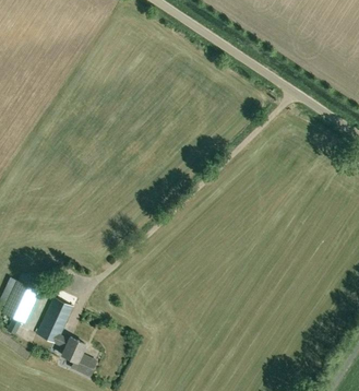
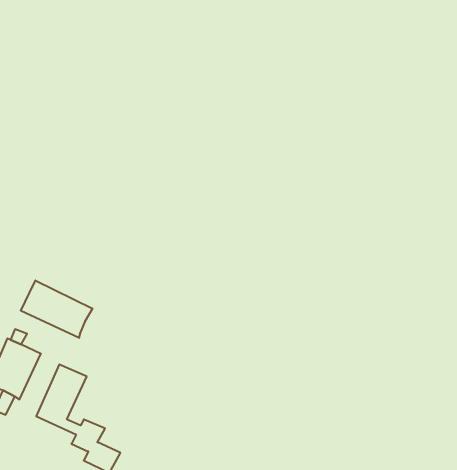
building: none -> [21,280,92,338]

